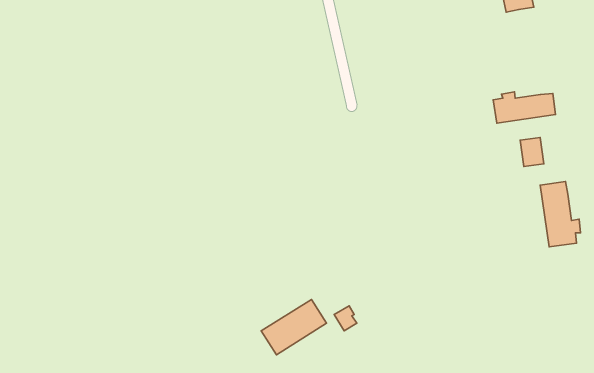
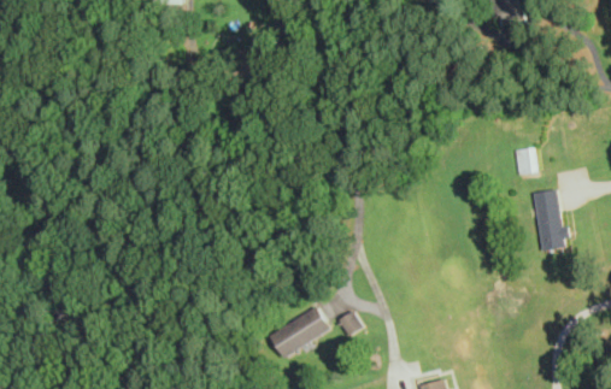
building: [493,92,556,123] -> none

